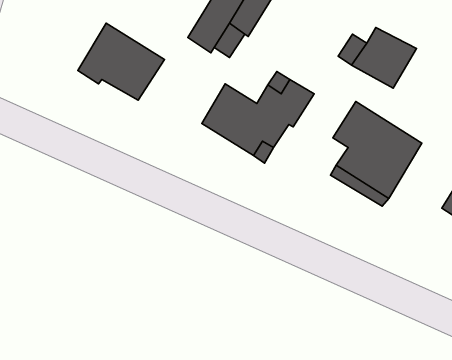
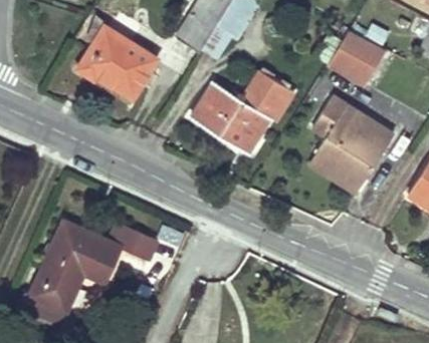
building: none -> [22,223,158,324]

